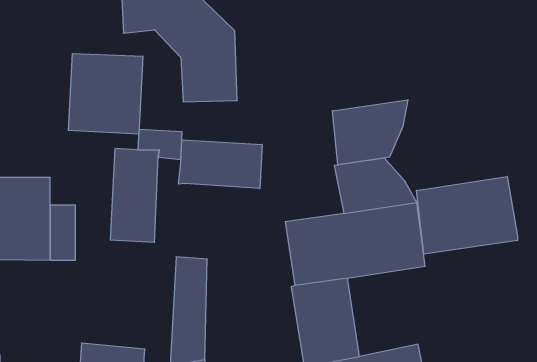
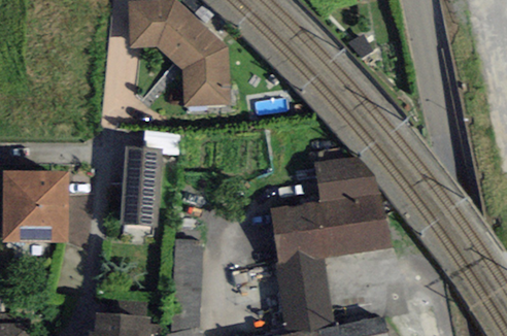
building: [68,54,143,134] -> none
building: [332,100,408,165] -> none
building: [179,140,262,189] -> none
building: [416,176,518,254] -> none

